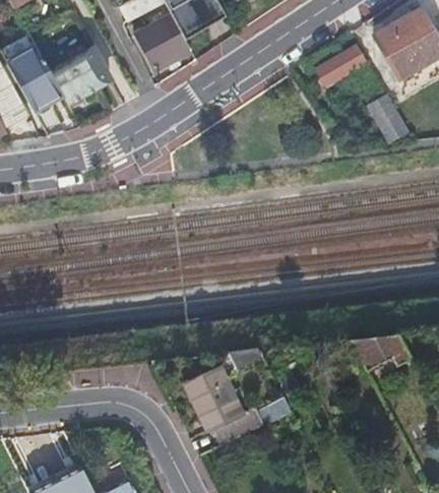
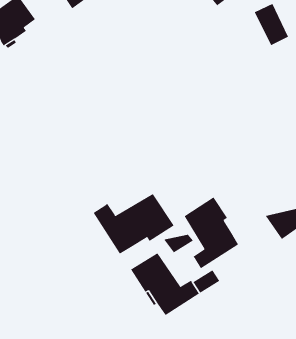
building: none -> [93,193,174,254]
building: none -> [184,196,239,269]

